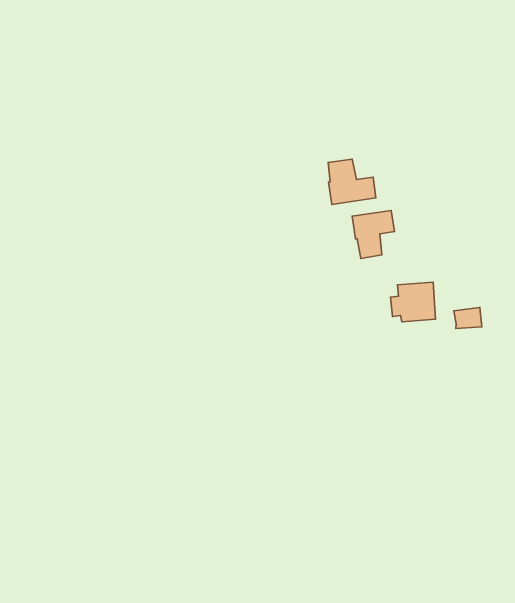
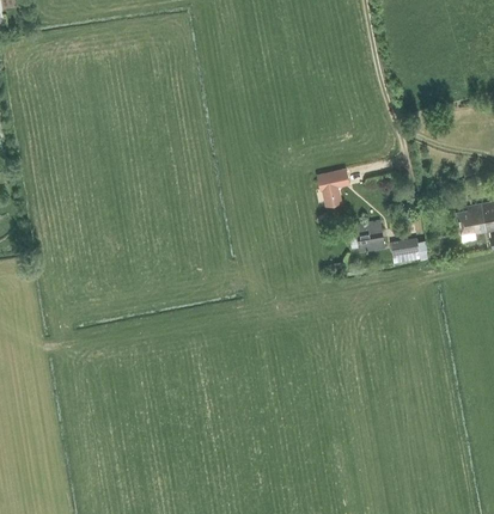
building: [328,159,376,204] -> none

